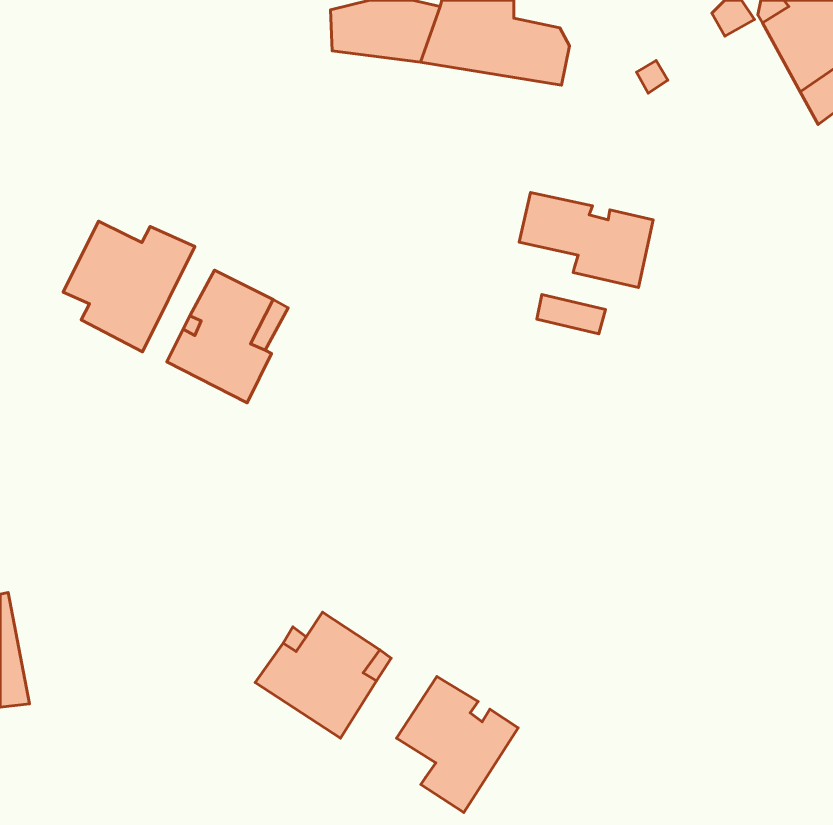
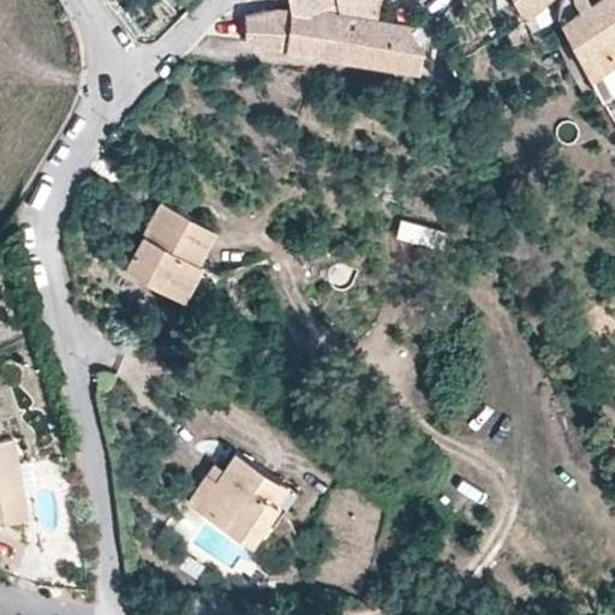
building: [519,193,653,288] -> none
building: [63,221,195,352] -> none
building: [396,676,518,812] -> none

